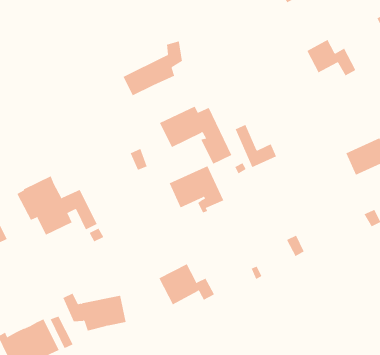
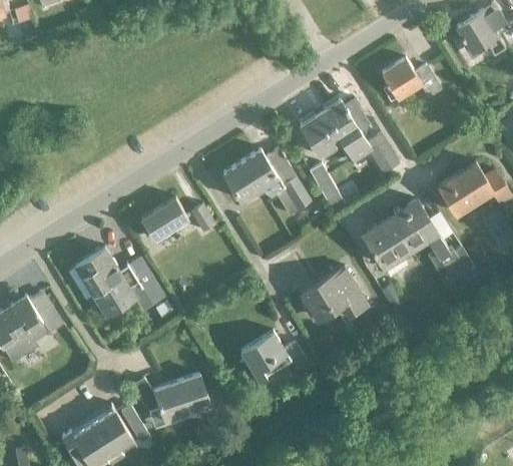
building: [123,41,183,96] -> none
building: none -> [300,99,395,171]
building: none -> [140,196,186,239]
building: none -> [361,199,474,281]
building: [169,165,224,213] -> [301,267,366,322]

